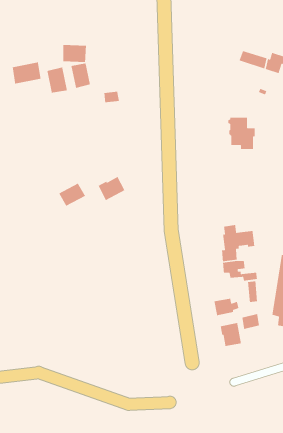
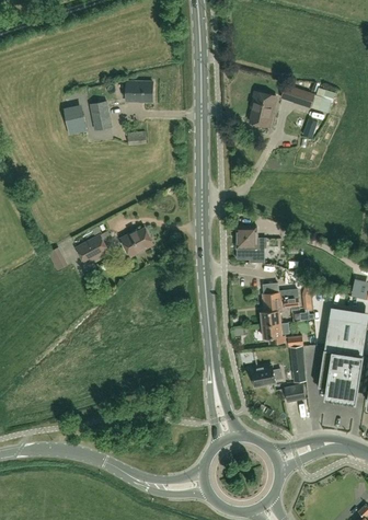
building: [63,44,87,63] -> [126,81,153,102]
building: none -> [250,92,276,127]
building: [12,61,41,85] -> none
building: [228,117,256,150] -> [234,226,266,263]
building: [220,322,242,347] -> none

